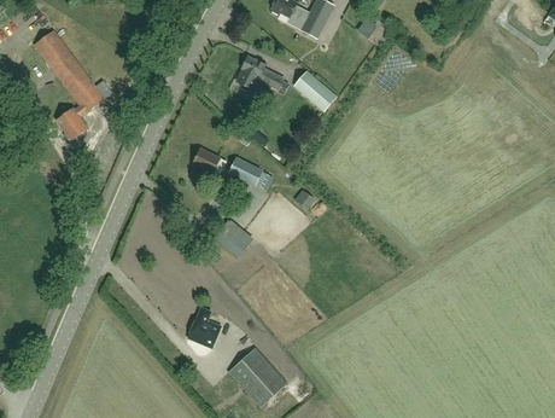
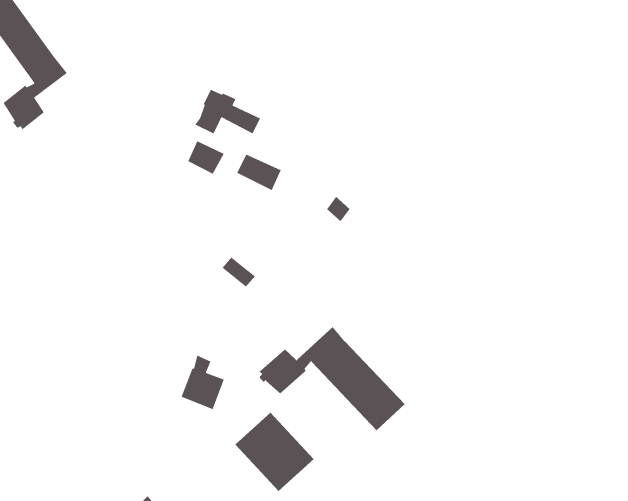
building: [235,56,285,89] -> [194,89,261,135]
building: [302,76,337,110] -> none
building: none -> [258,326,406,431]

